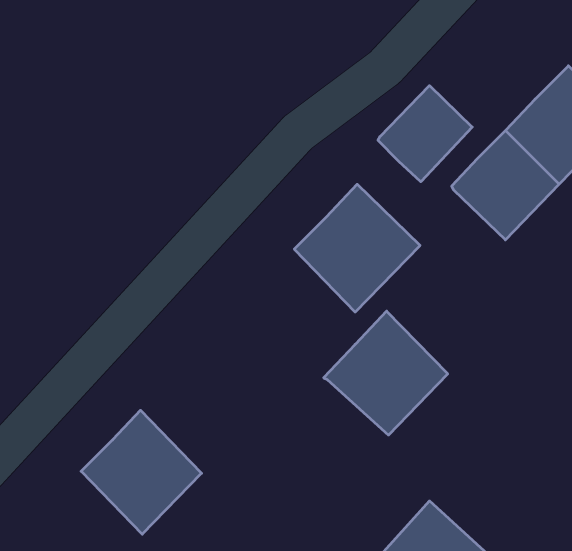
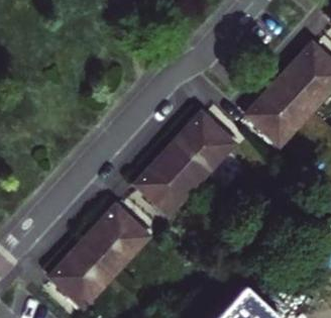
building: [378,86,472,182] -> none
building: [324,311,448,435] -> [133,146,201,214]
building: none -> [84,200,150,269]

